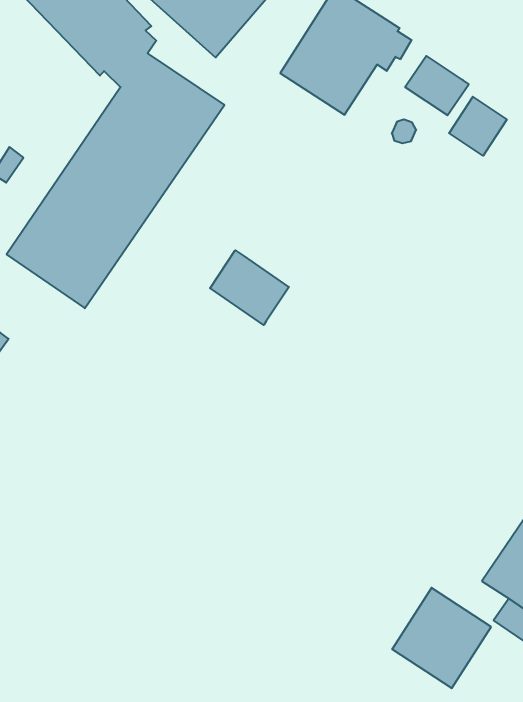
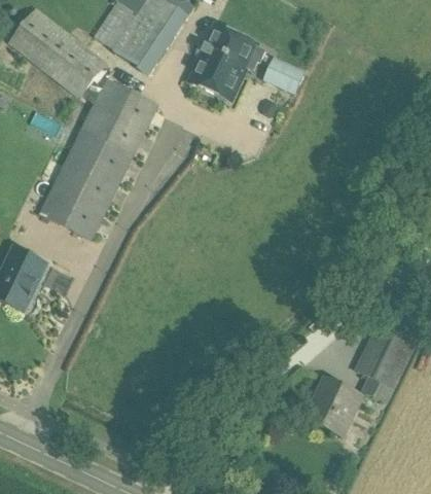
building: [449,97,507,156] -> none
building: [210,250,289,325] -> none

